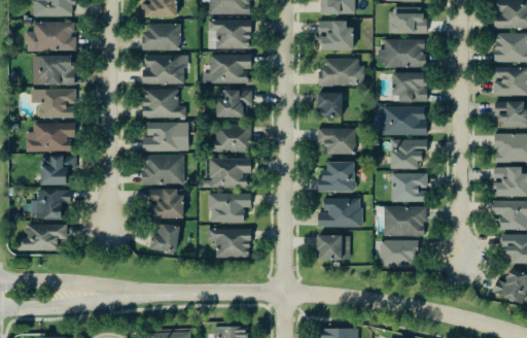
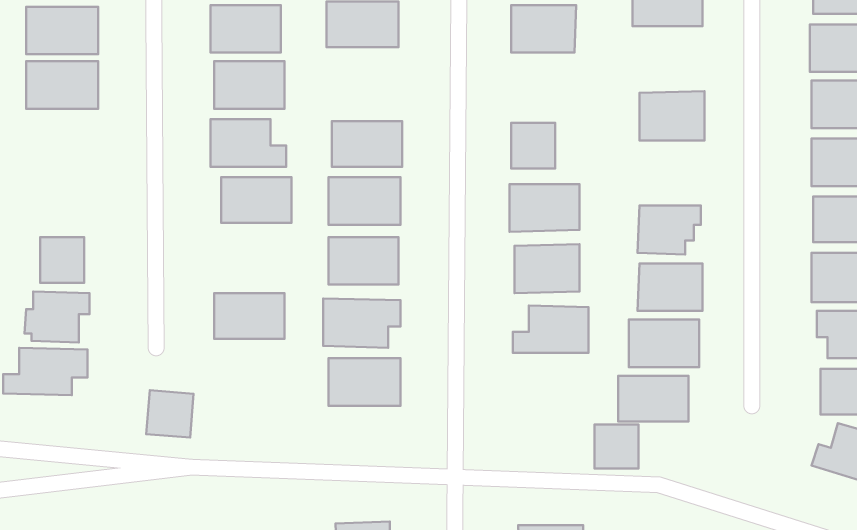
building: [385,40,426,67] -> none
building: [204,55,248,82] -> none
building: [319,59,361,86] -> none
building: [31,90,75,117] -> none
building: [383,107,425,134] -> none
building: [27,124,73,153] -> none
building: [143,157,185,184] -> none
building: [149,226,177,254] -> [146,390,194,438]
building: [317,237,343,263] -> [594,425,638,468]

